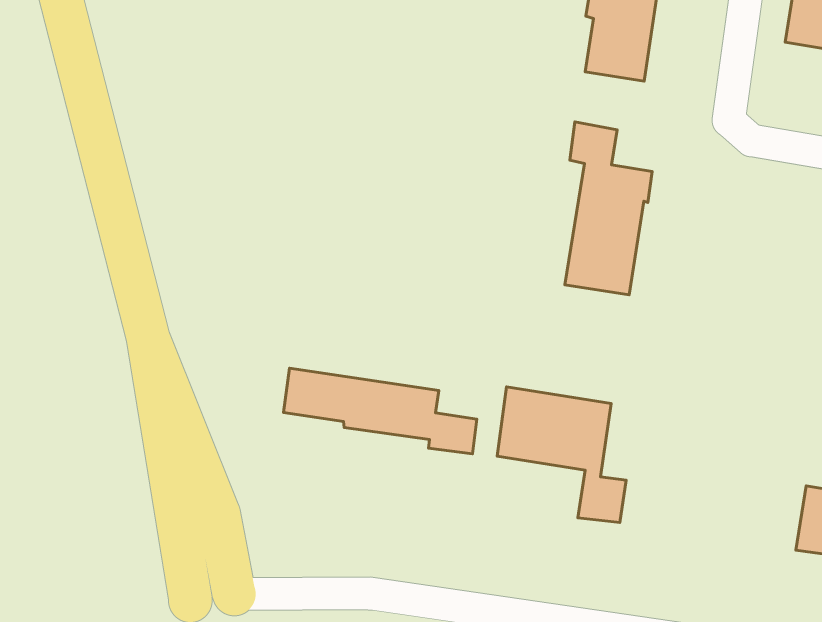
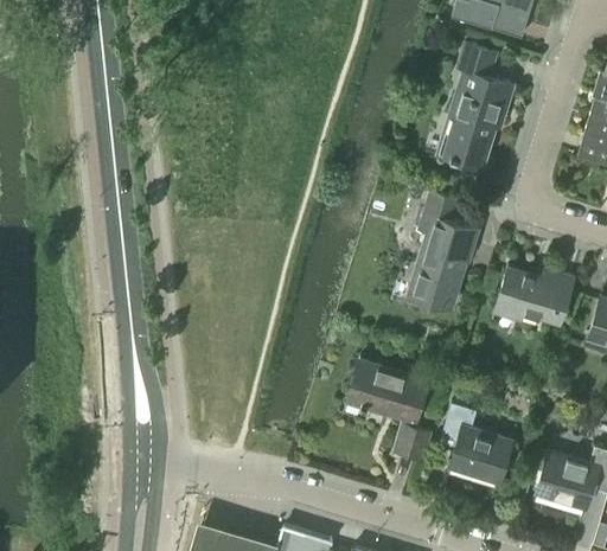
building: none -> [492,269,574,323]
building: [283,368,477,454] -> none
building: none -> [439,405,511,485]

